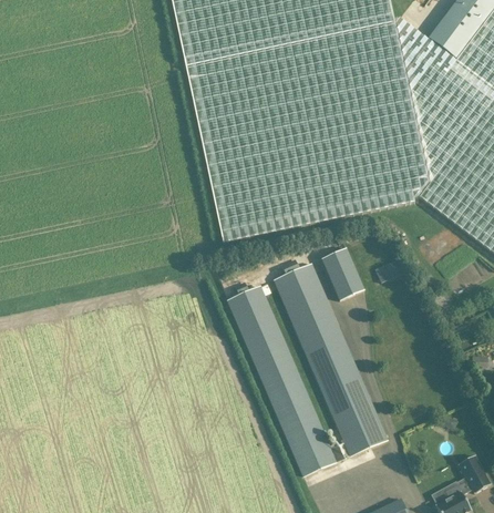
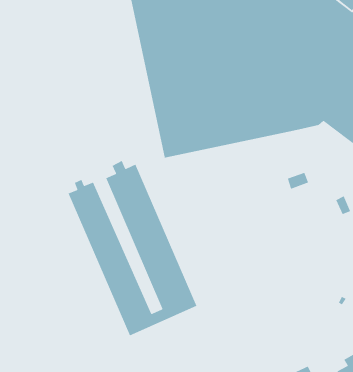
building: [321,247,364,299] -> none
building: [227,257,388,475] -> [68,160,197,337]

